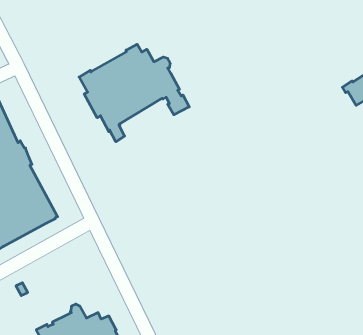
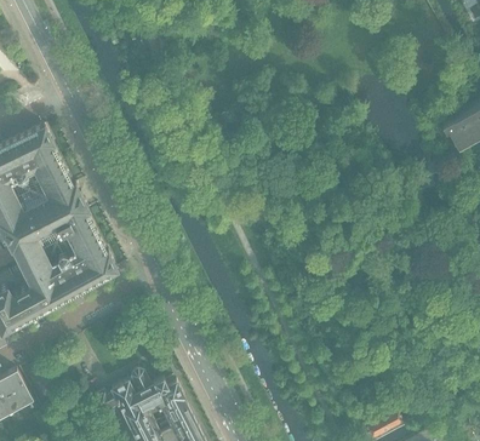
building: [79,44,189,142] -> none

